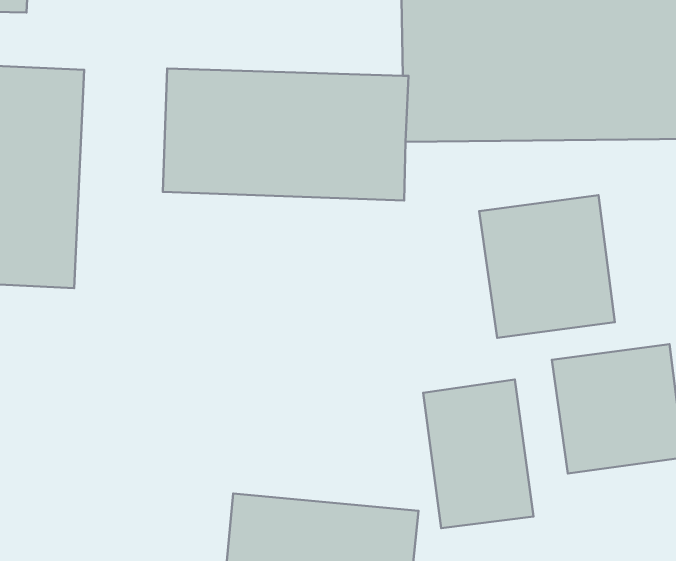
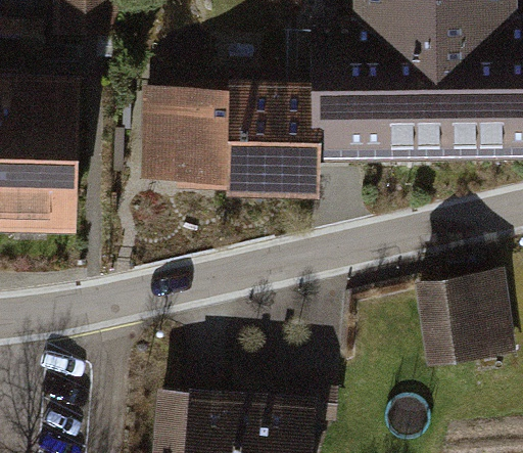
building: [479,195,615,338] -> none
building: [423,380,533,528] -> none

